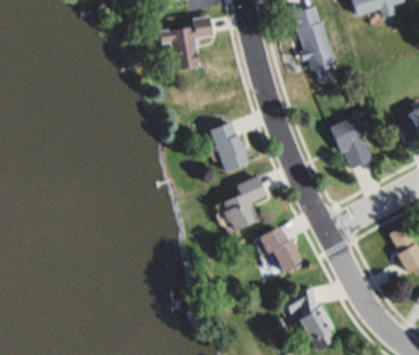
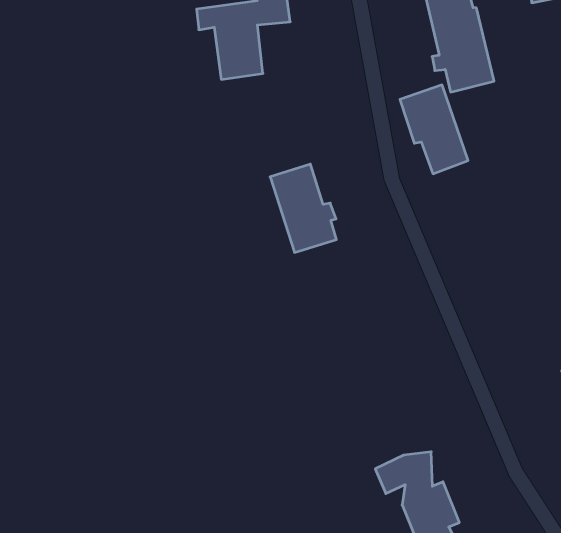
building: [330,117,373,170] -> [400,85,468,174]
building: [220,175,266,231] -> none
building: [257,226,302,274] -> none

